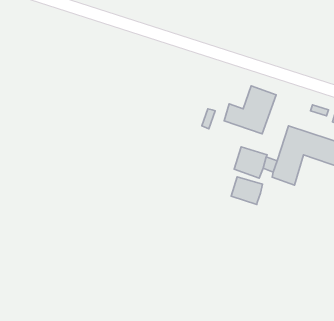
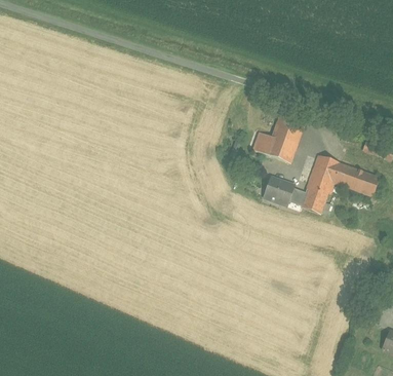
building: [231,177,263,205] -> none

